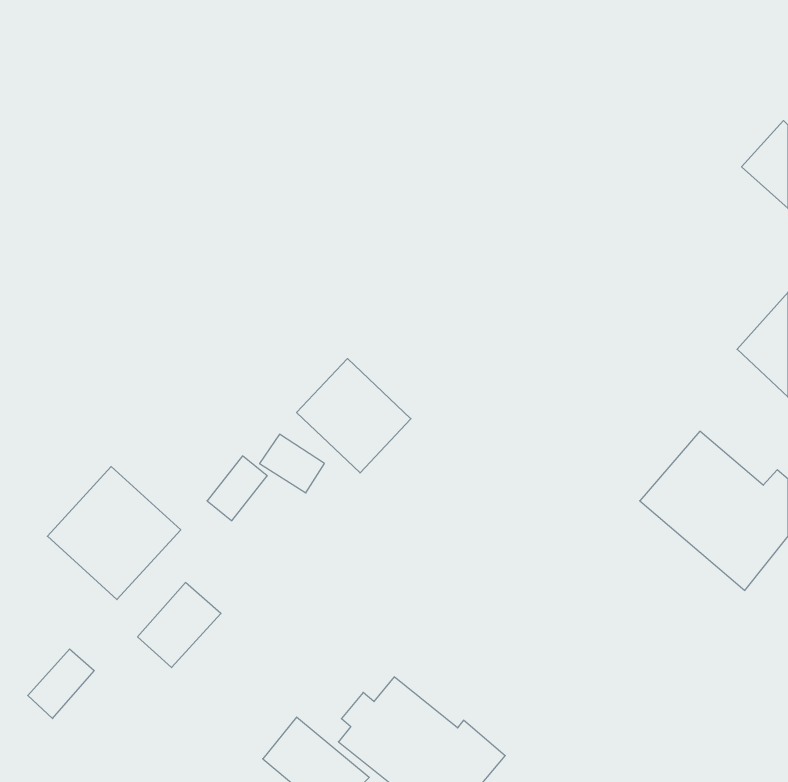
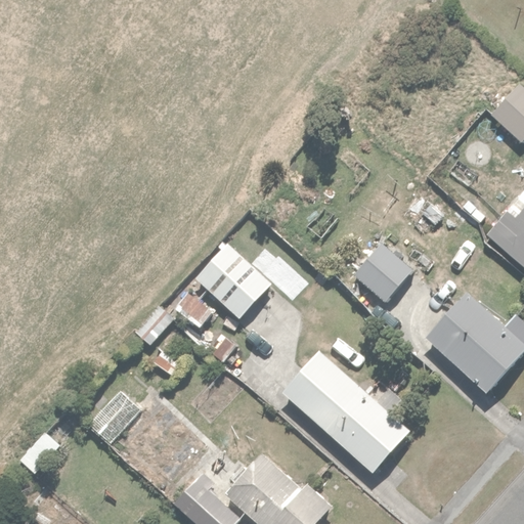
building: none -> [354,244,409,300]
building: [47,467,181,600] -> none
building: none -> [280,346,409,472]

